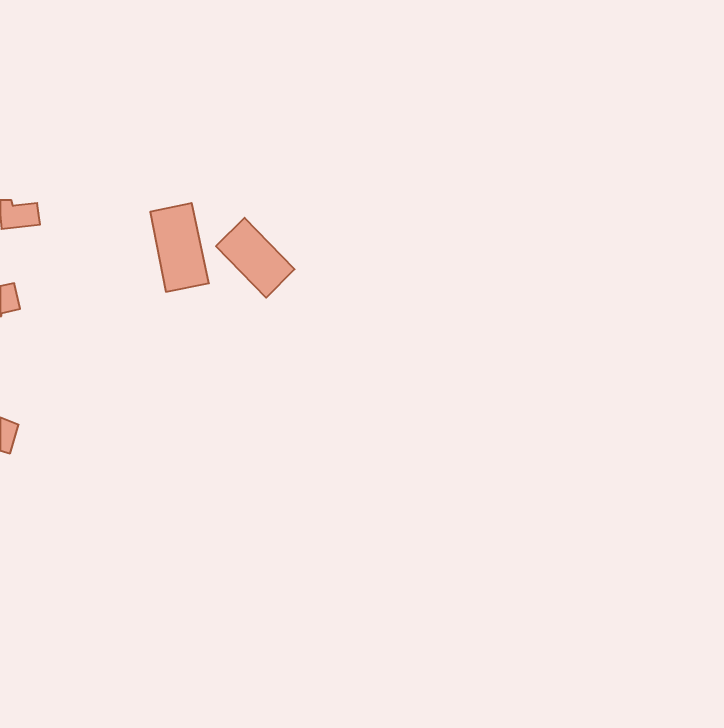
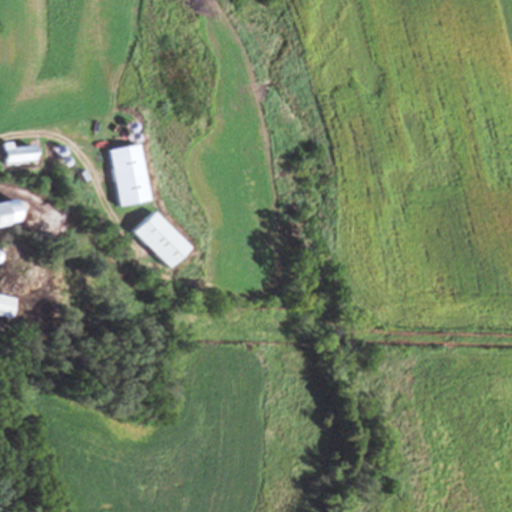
building: [216,218,295,298] -> [134,211,189,267]

